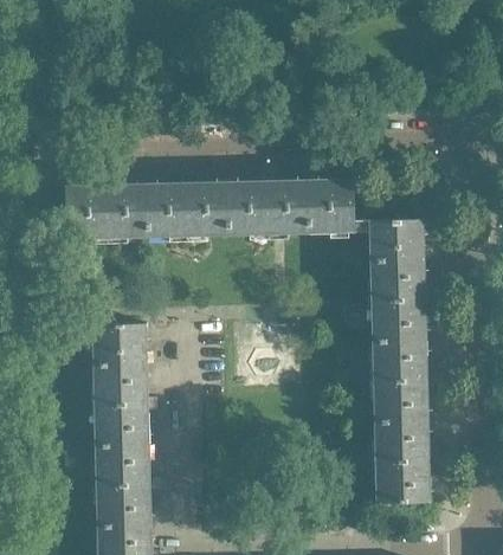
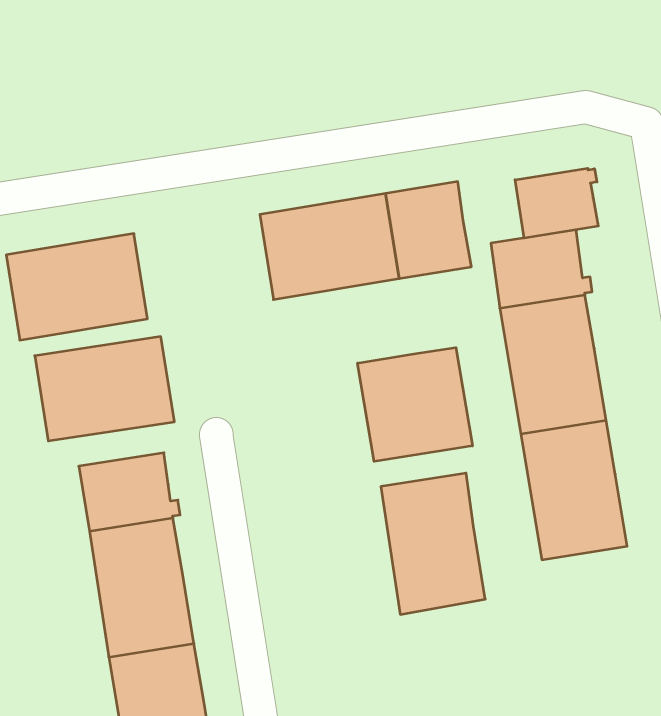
building: none -> [515,168,598,238]
building: [147,182,228,238] -> [35,337,174,441]
building: none -> [358,348,472,461]
building: [374,421,430,504] -> [381,473,485,614]

